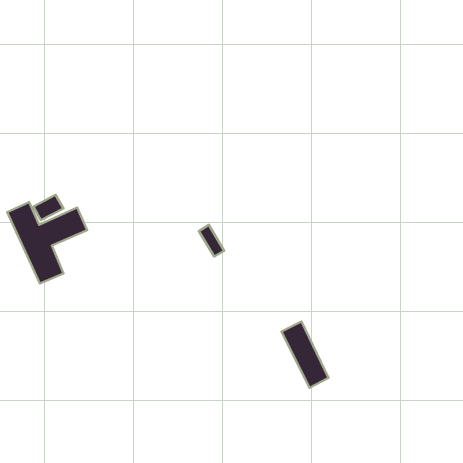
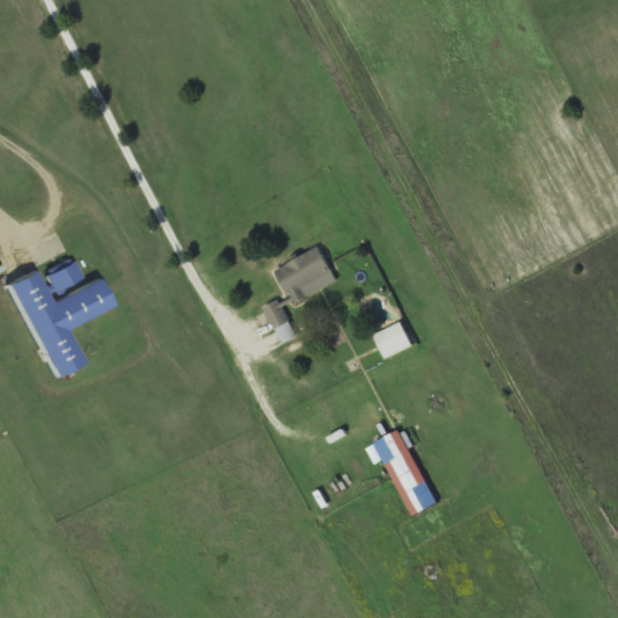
building: none -> [274,246,333,303]
building: none -> [373,321,412,357]

